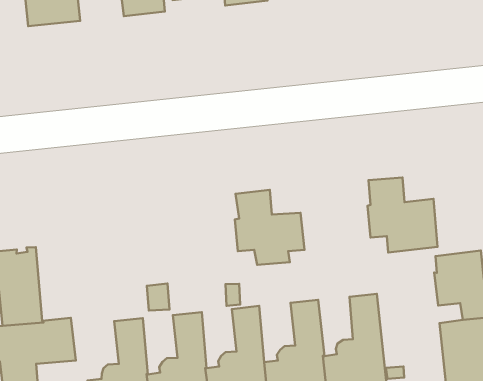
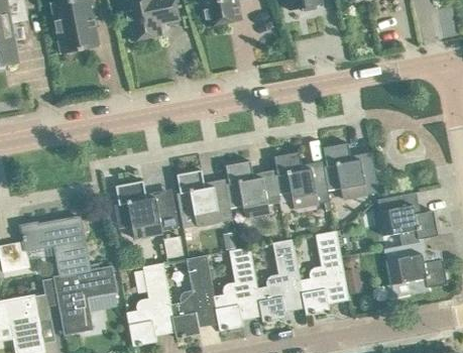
building: none -> [274,151,330,207]
building: none -> [177,168,232,228]
building: none -> [114,180,178,238]

